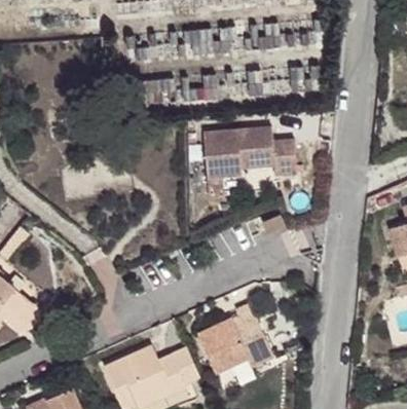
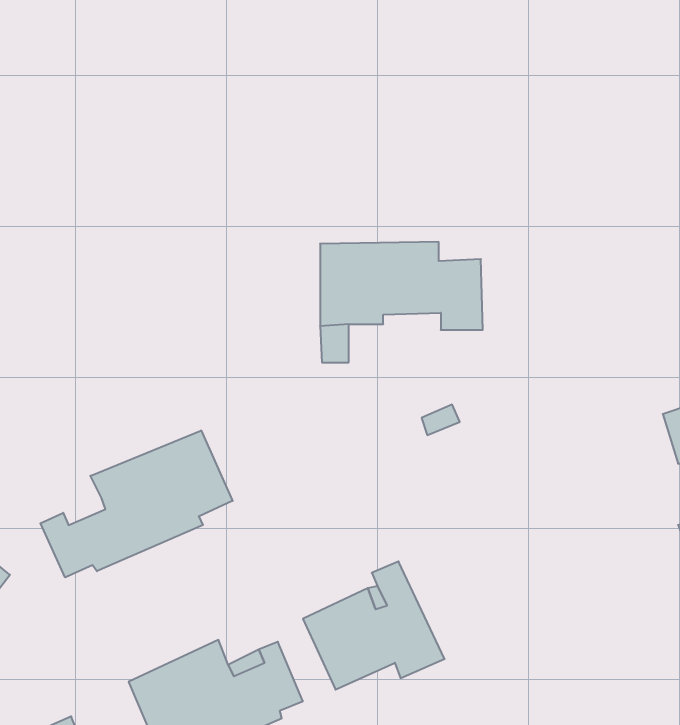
building: none -> [40,430,233,577]

